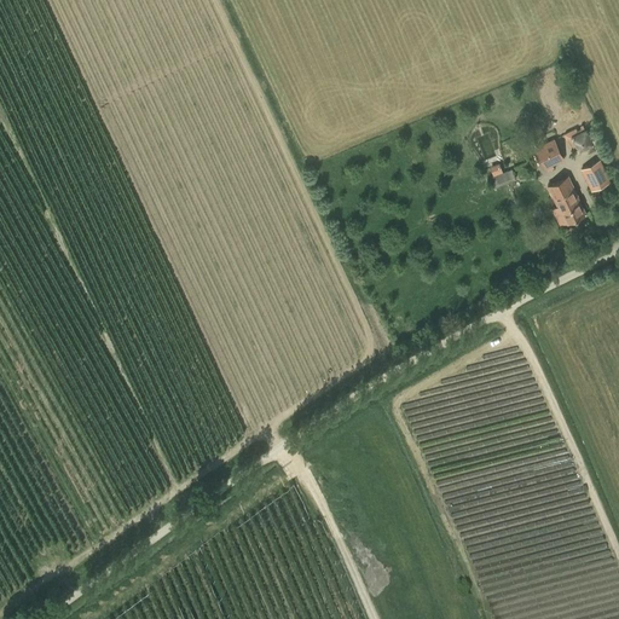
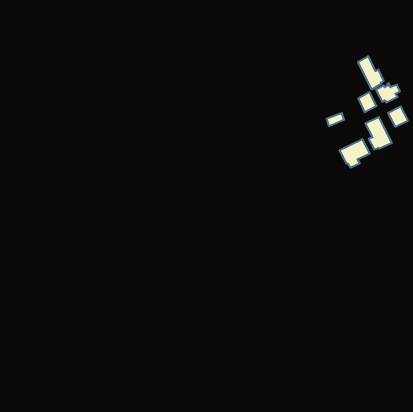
building: none -> [358,56,384,89]
building: none -> [339,139,370,168]

